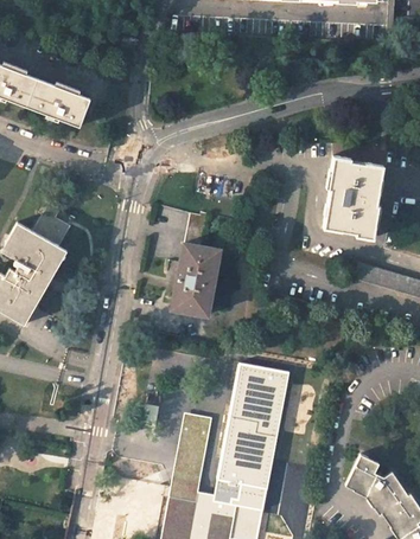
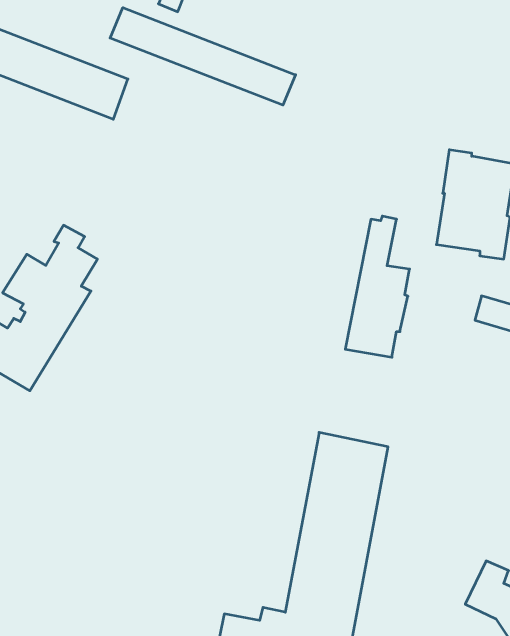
building: none -> [110,8,296,105]
building: [172,210,219,314] -> [345,216,410,357]
building: [167,411,209,500] -> none

